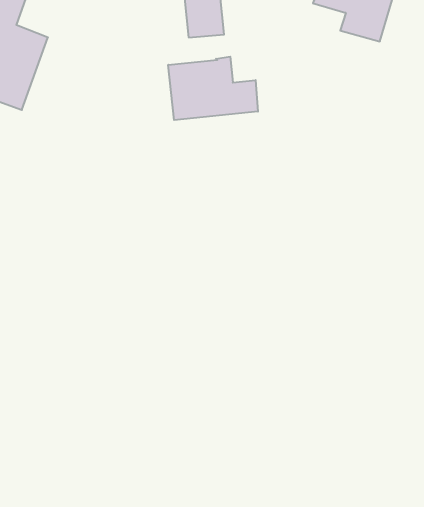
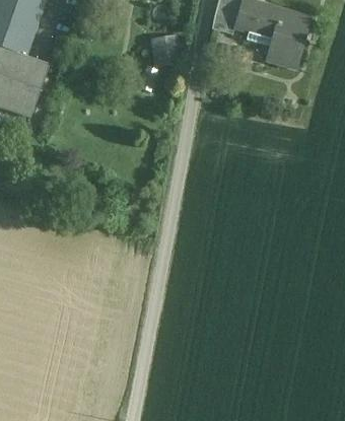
building: [168,57,258,120] -> none

